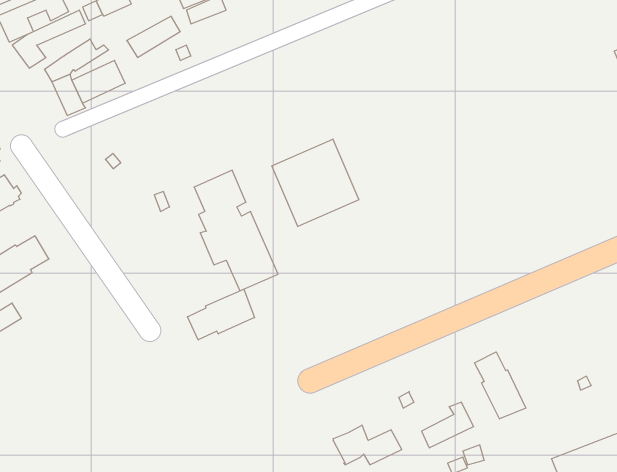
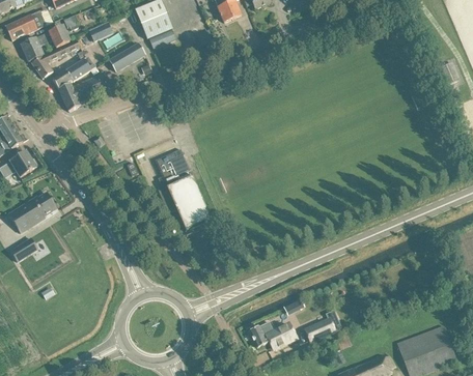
building: [272,139,359,227] -> none
building: [187,289,255,340] -> none
building: [475,352,526,419] -> none

